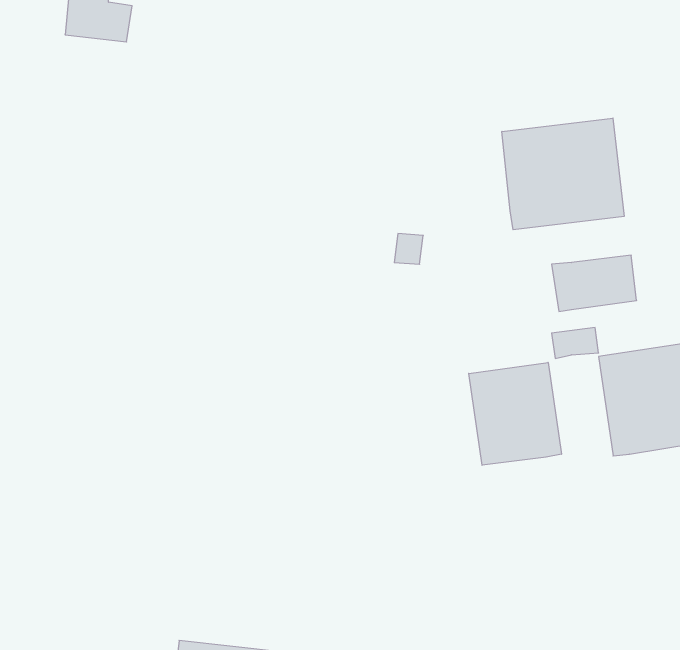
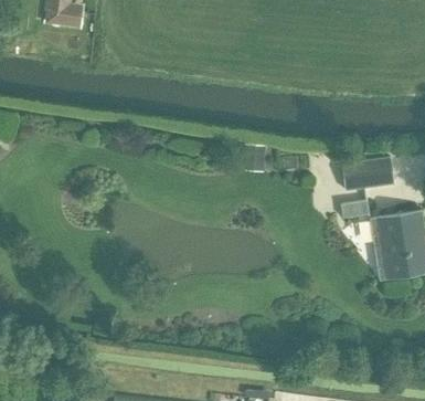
building: [502,118,624,230] -> none
building: [469,362,561,465] -> none

